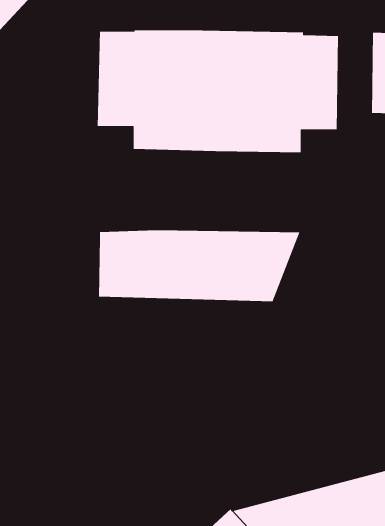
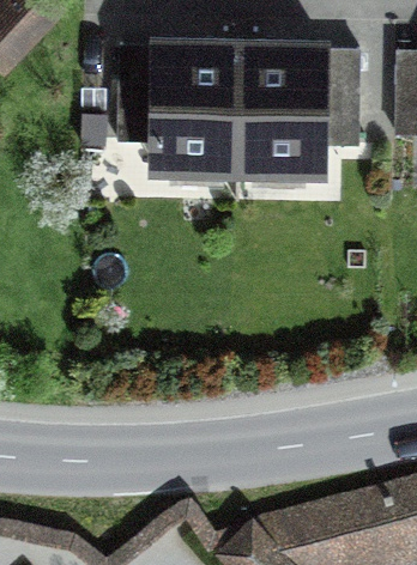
building: [98,229,300,302] -> none

